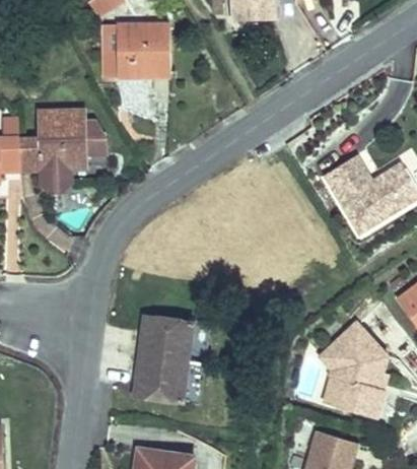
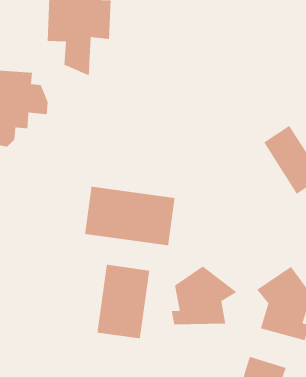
building: none -> [84,186,176,246]
building: none -> [171,265,237,325]

